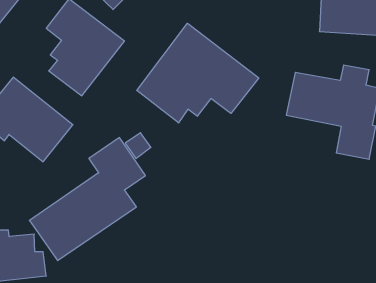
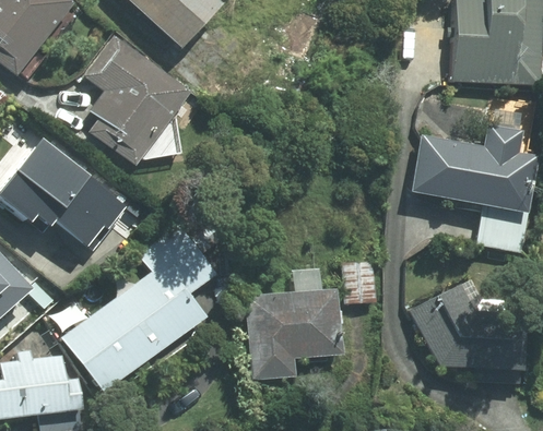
building: [137,23,259,123] -> none
building: none -> [413,280,526,372]
building: none -> [246,288,343,379]

